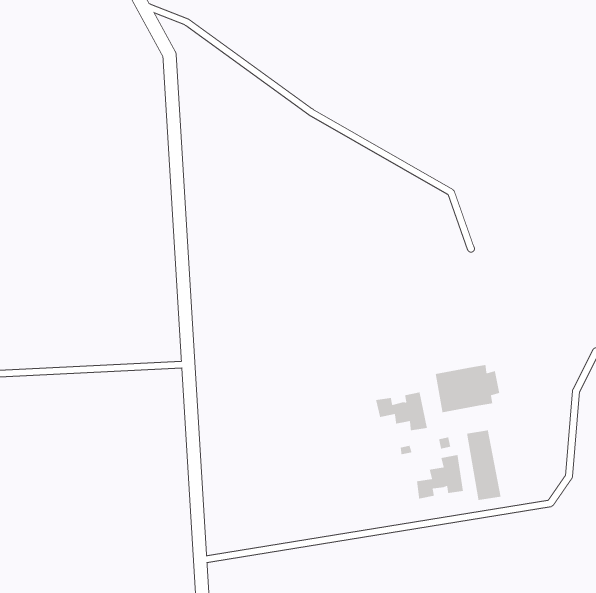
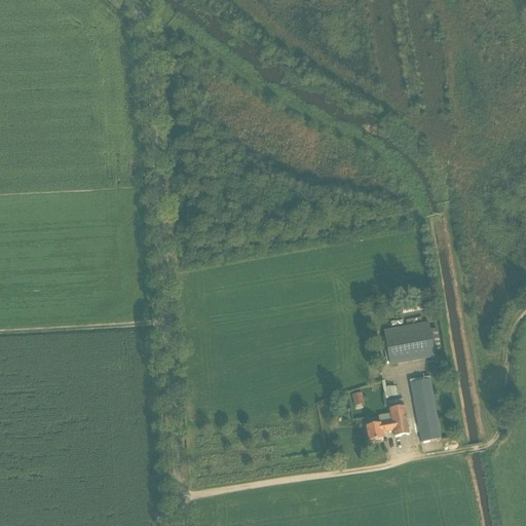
building: [375,391,428,431] -> none

